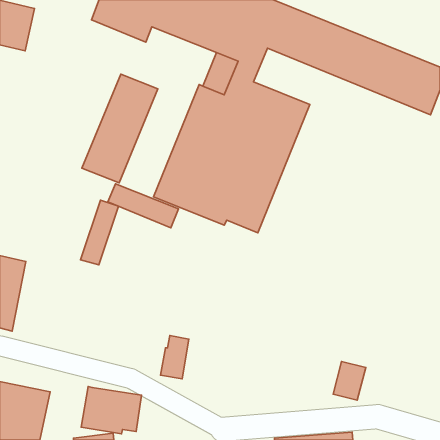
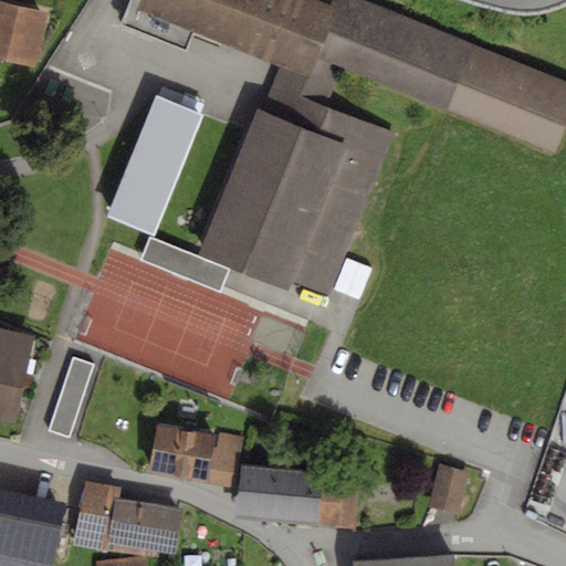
building: [81,200,119,265] -> [45,355,94,438]
building: none -> [147,423,213,481]
building: none -> [237,464,357,526]
building: none -> [74,480,120,547]

